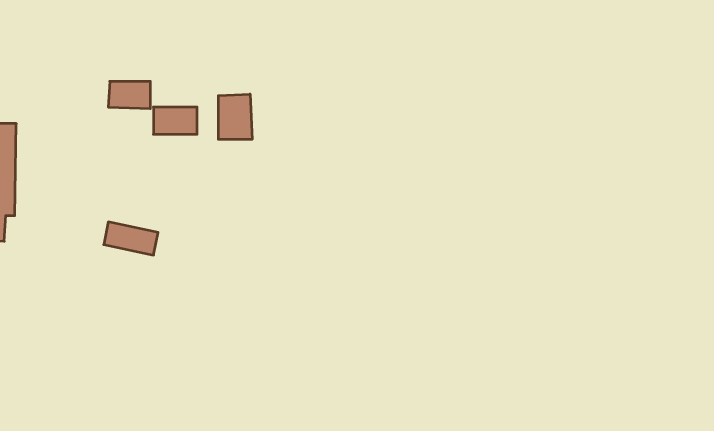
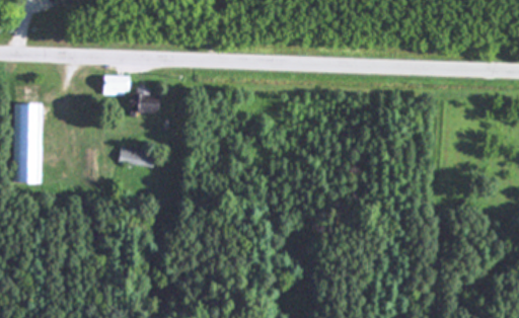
building: [218,94,252,139] -> none
building: [104,222,158,255] -> [120,146,156,168]

